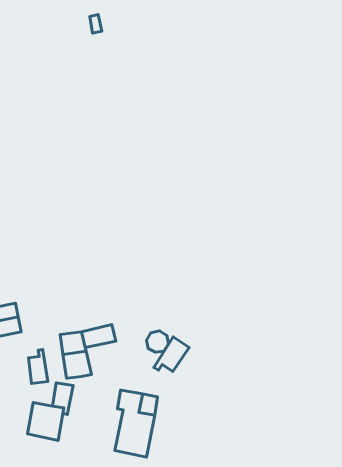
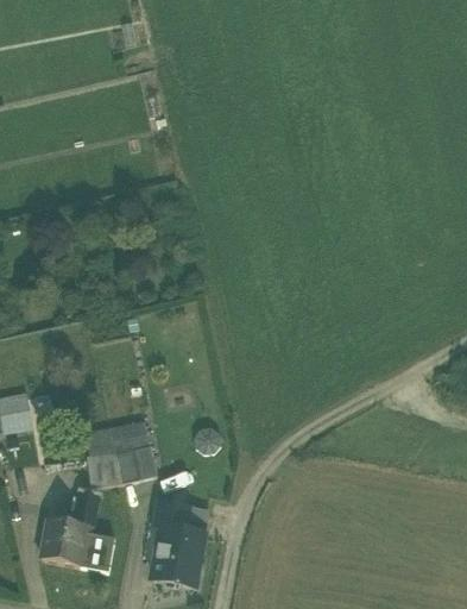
building: [154,337,189,372] -> none
building: none -> [114,439,160,482]
building: [28,349,48,383] -> none
building: none -> [80,532,114,571]

